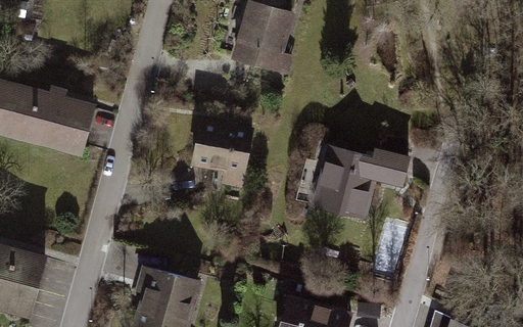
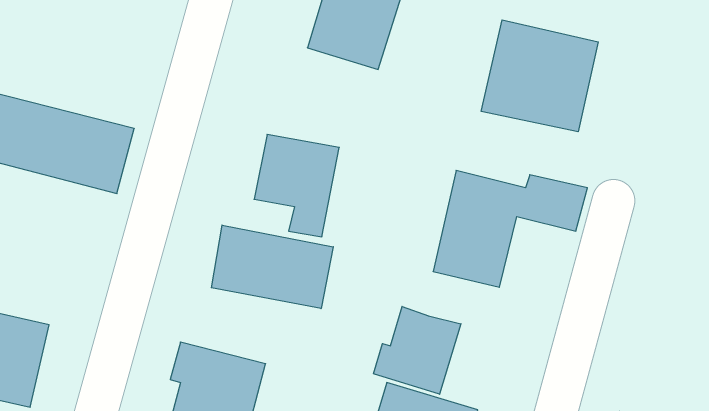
building: none -> [481,20,598,132]
building: none -> [211,225,333,309]
building: none -> [373,306,461,394]

